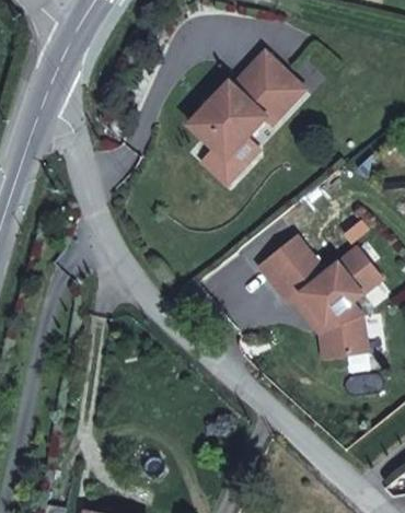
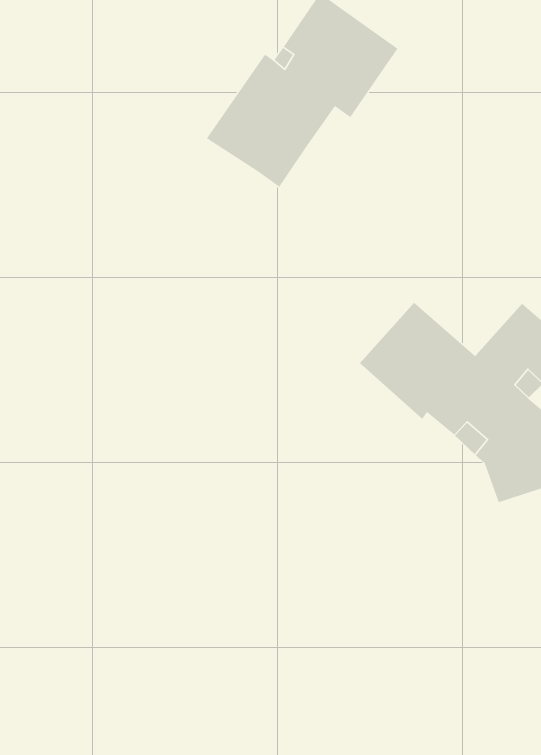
building: [205,136,261,182] -> none

